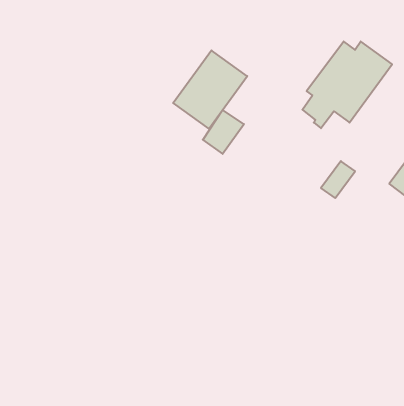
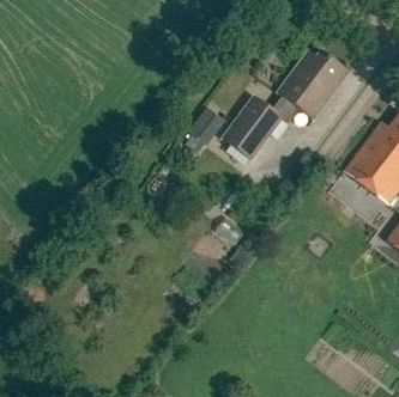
building: [173,50,247,129] -> [220,94,283,160]

